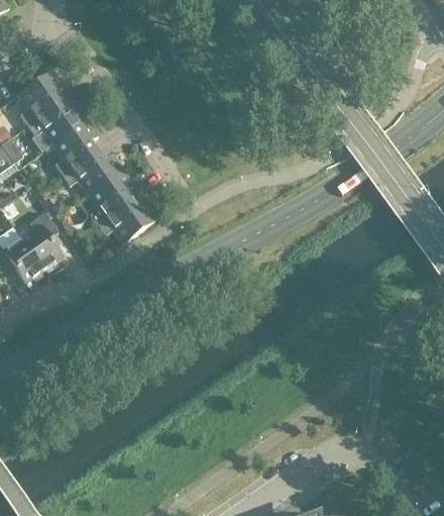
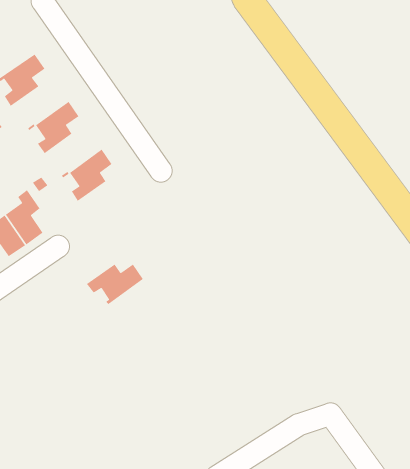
building: [27,103,88,143] -> none
building: [63,152,122,193] -> none
building: [97,202,157,245] -> [86,264,144,305]

